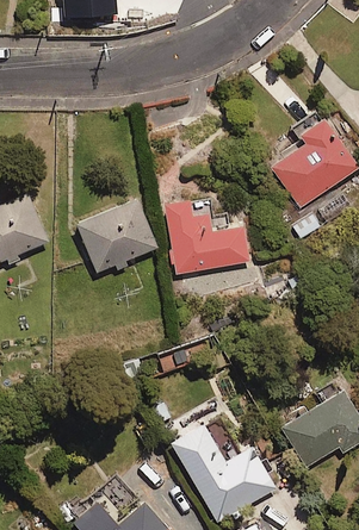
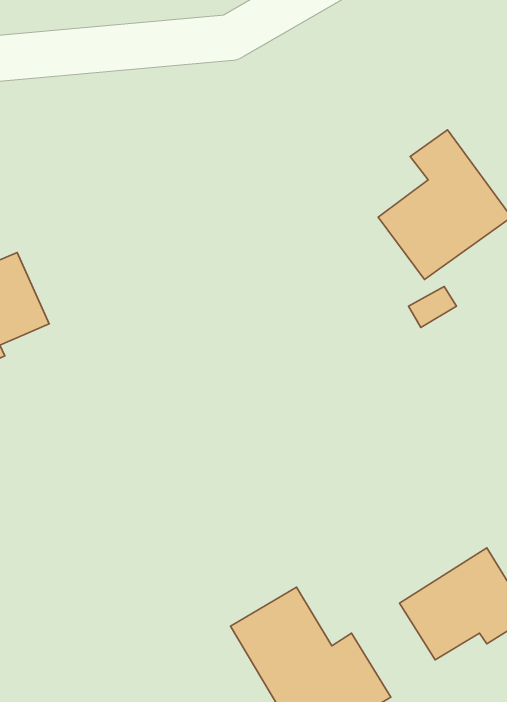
building: [76,198,159,274] -> none
building: [165,199,249,275] -> none

